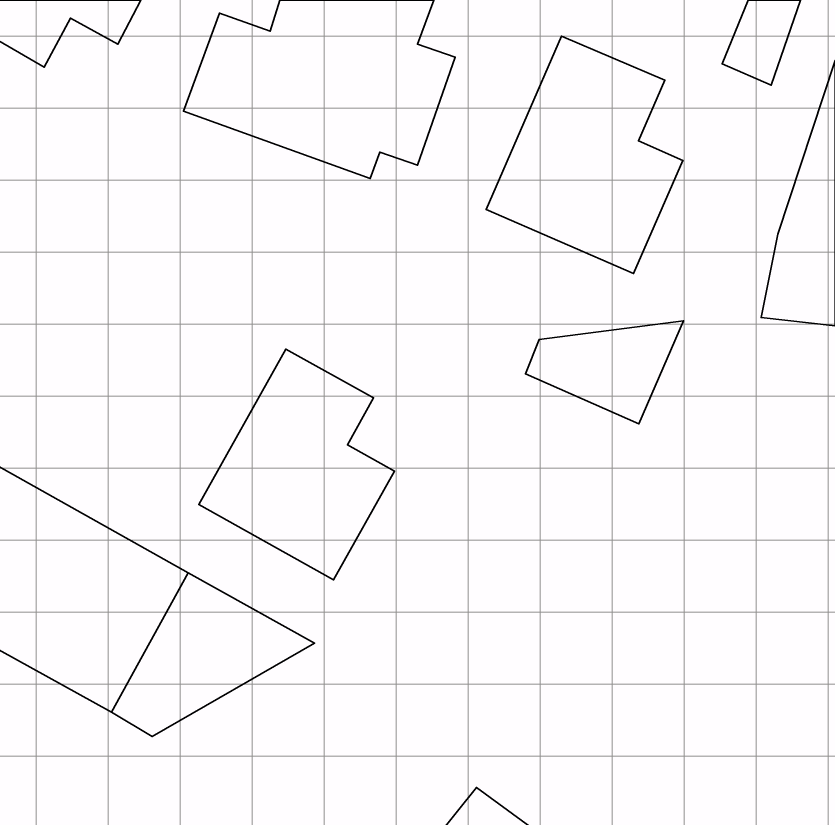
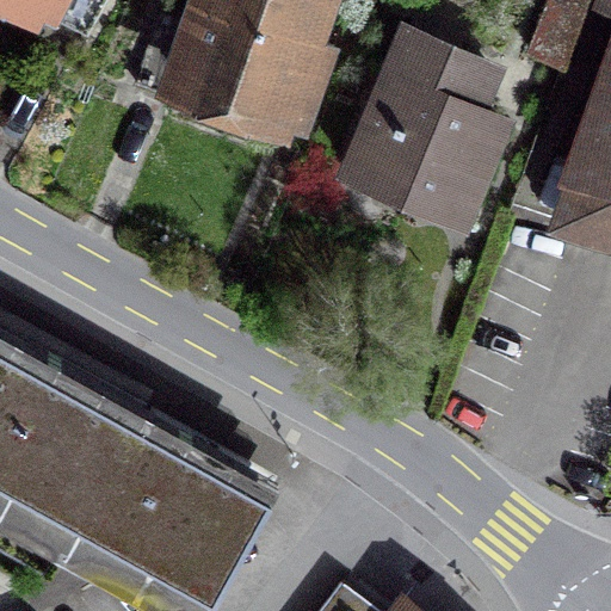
building: [525,321,684,424] -> none
building: [199,349,395,580] -> none
building: none -> [111,477,271,601]

